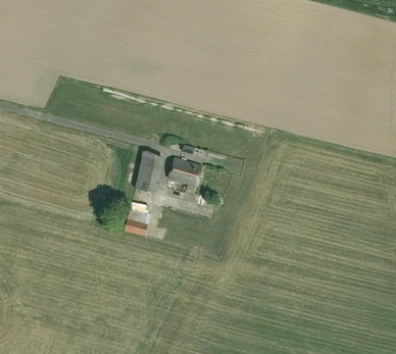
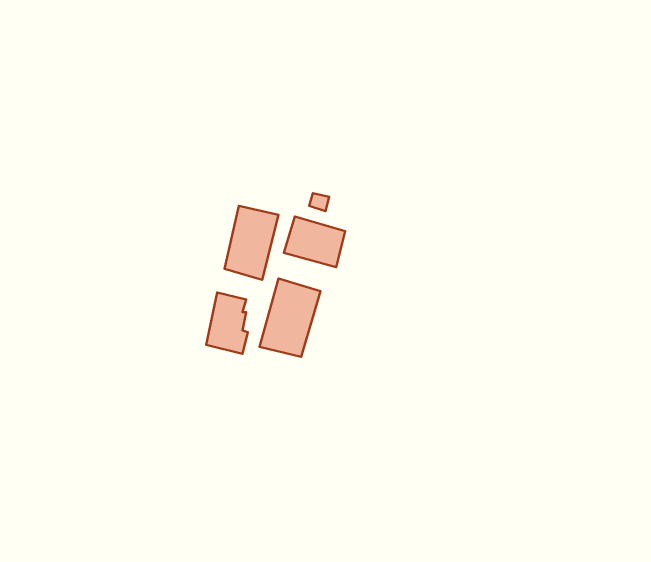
building: none -> [259,278,321,357]

